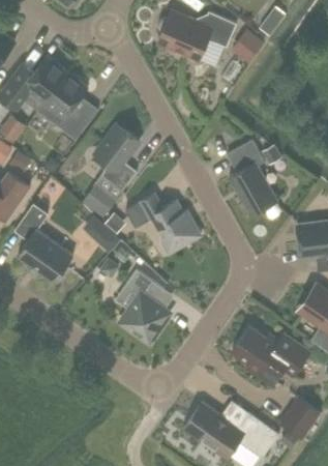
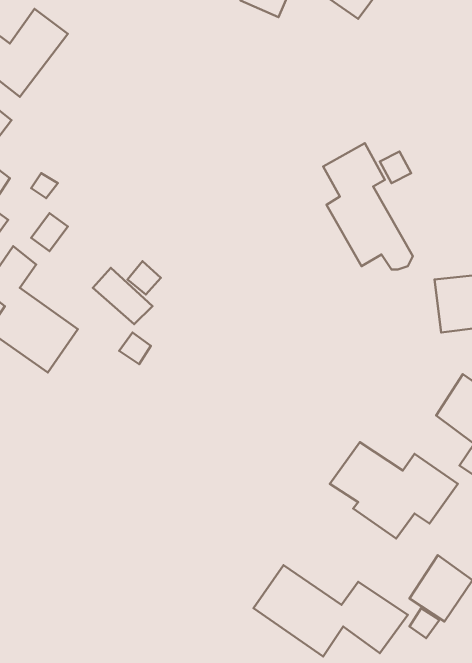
building: [37,70,98,139] -> none
building: [95,124,139,191] -> none
building: [83,182,118,216] -> none
building: [125,194,201,254] -> none
building: [120,269,170,342] -> none

